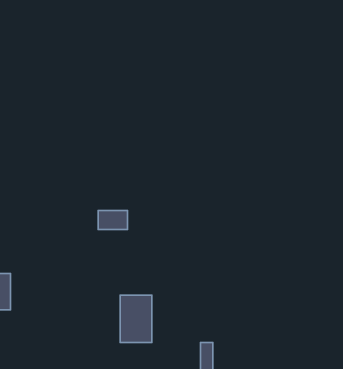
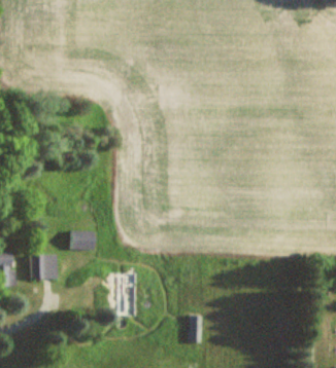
building: [98,210,127,230] -> [69,231,96,249]
building: none -> [29,255,58,279]

